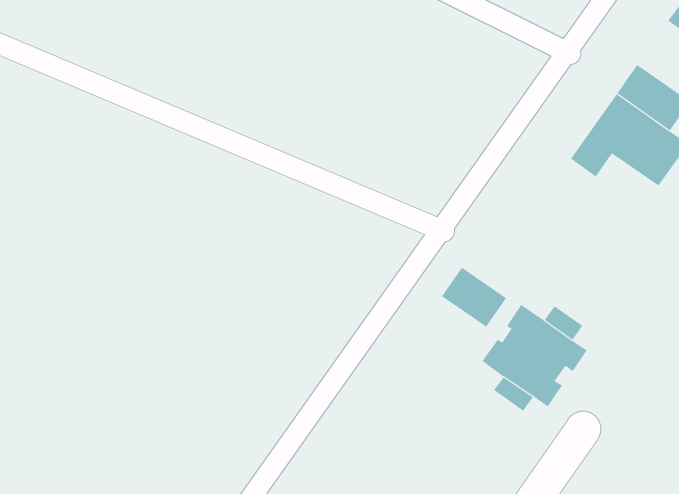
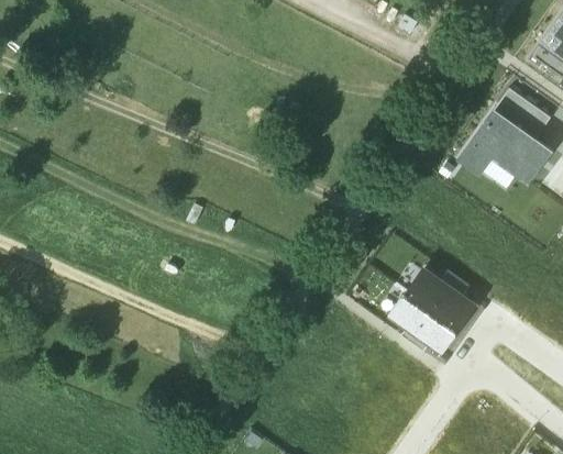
building: [441,267,507,327] -> none

